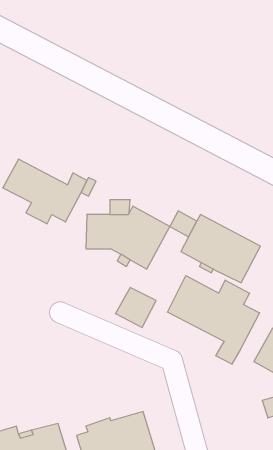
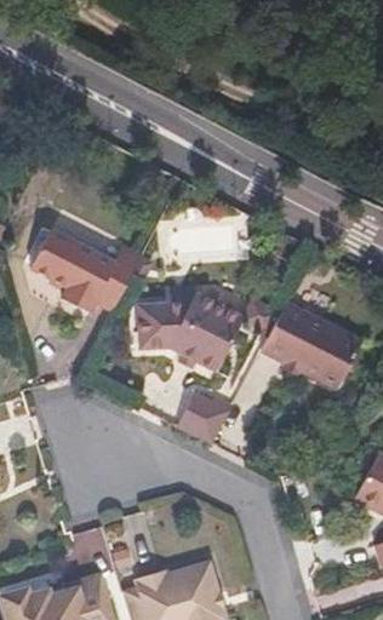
building: [168,276,260,364] -> none

